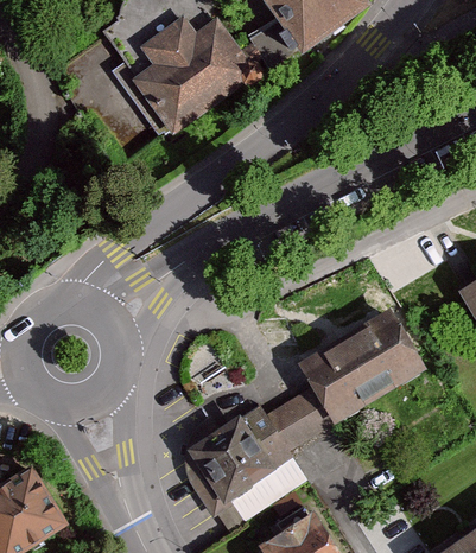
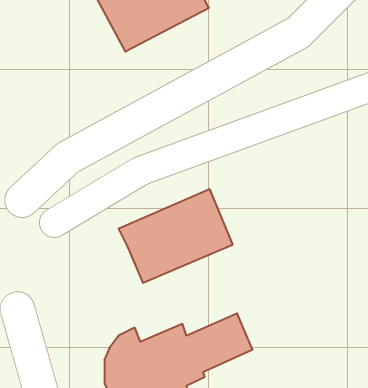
building: [302,313,424,421] -> [119,189,233,283]

